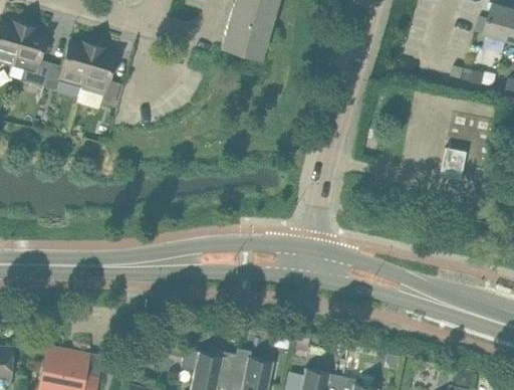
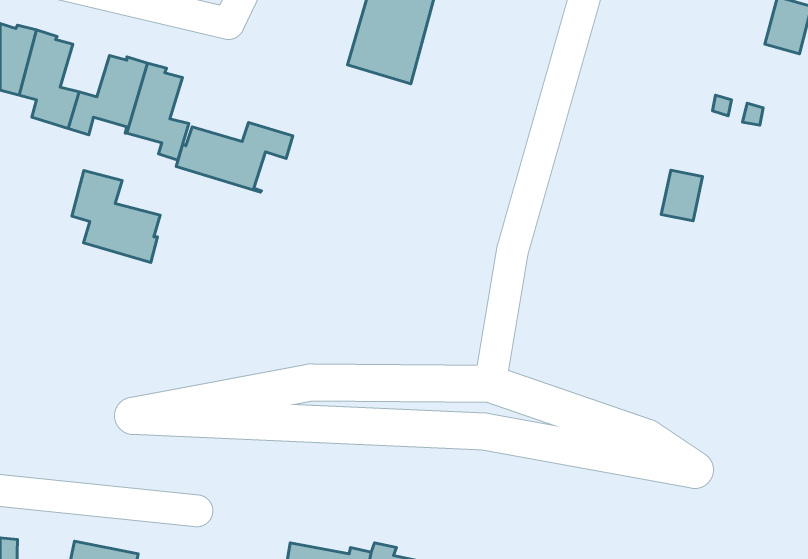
building: none -> [176,123,293,192]
building: none -> [72,171,160,263]
building: [440,149,466,181] -> [661,170,703,221]

